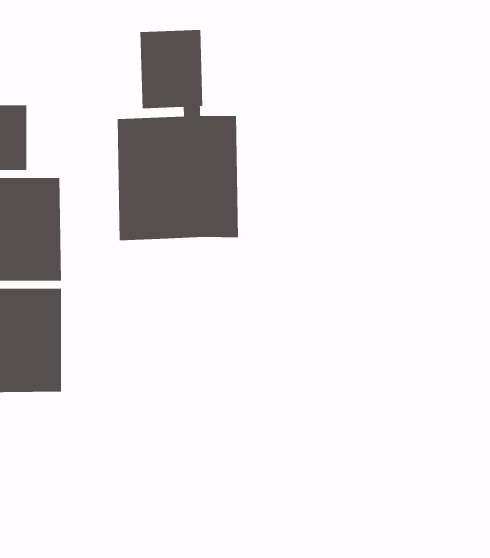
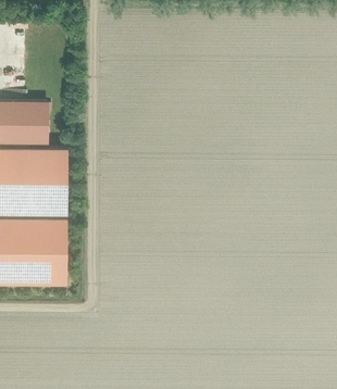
building: [117,29,238,241] -> none

